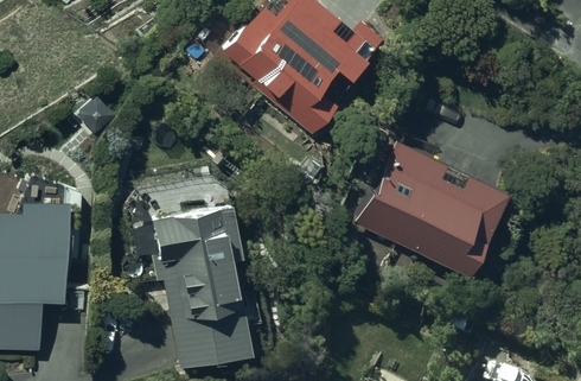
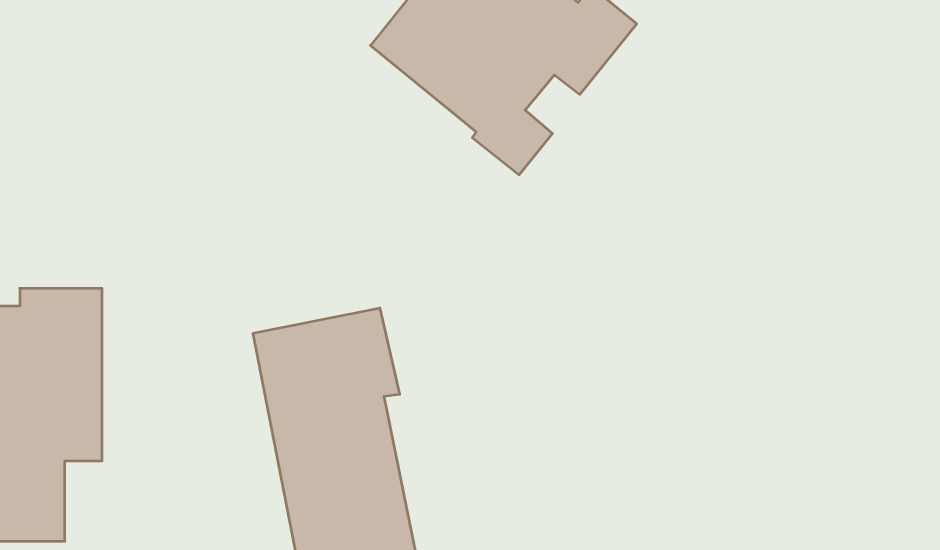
building: [362,146,503,272] -> none

